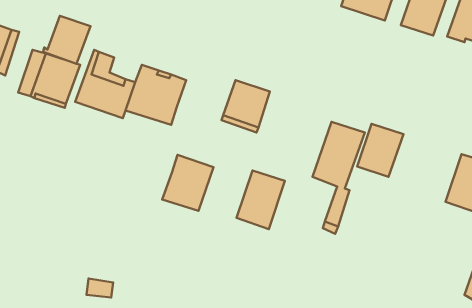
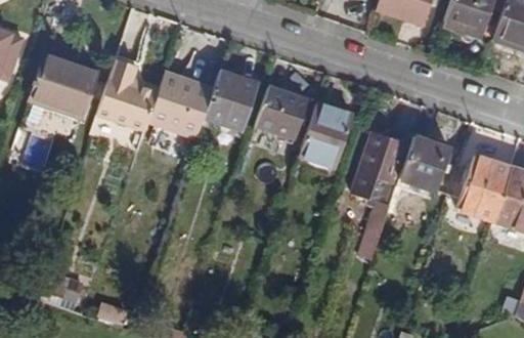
building: [43,16,91,64] -> none
building: none -> [455,155,510,218]
building: [162,155,214,211] -> [203,68,258,128]
building: [236,170,285,229] -> [299,101,351,165]

